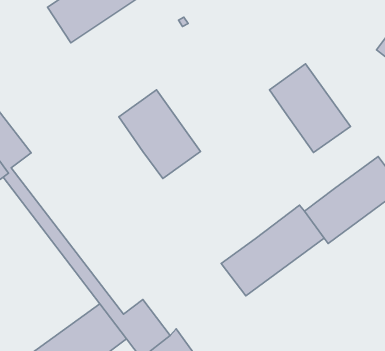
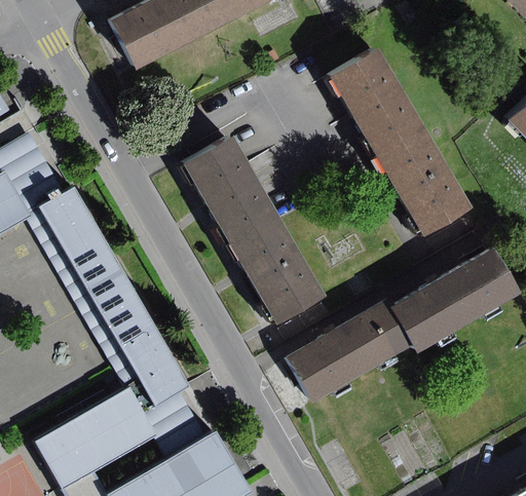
building: none -> [327,48,418,152]
building: none -> [41,190,194,407]
building: none -> [226,218,322,327]

